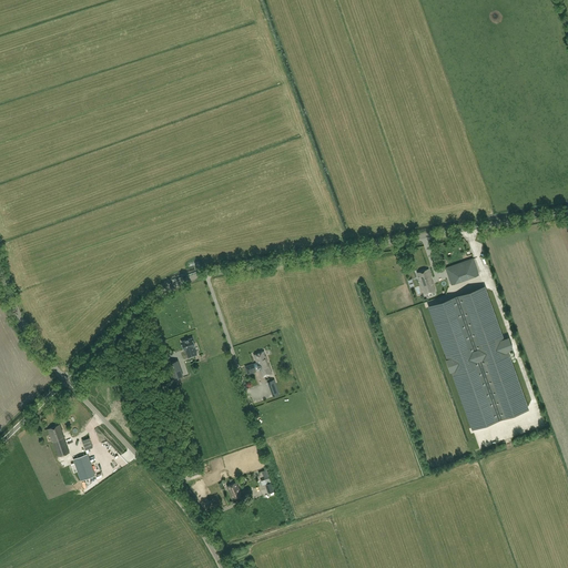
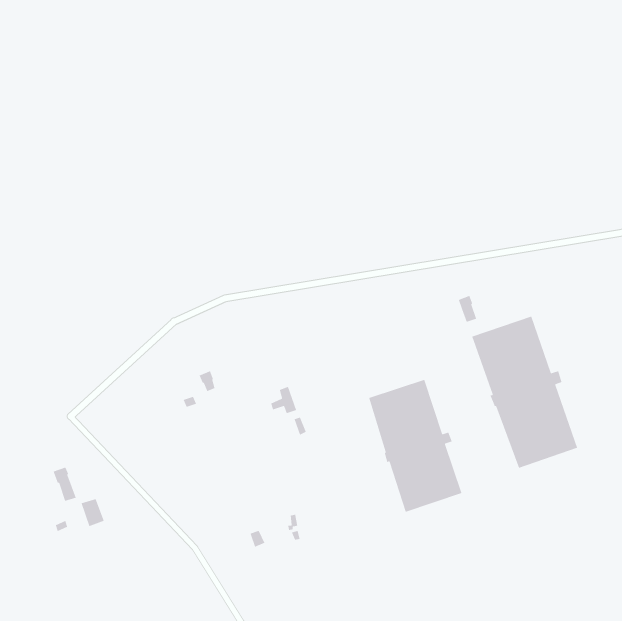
building: [446,260,478,285] -> none
building: none -> [368,379,463,513]

